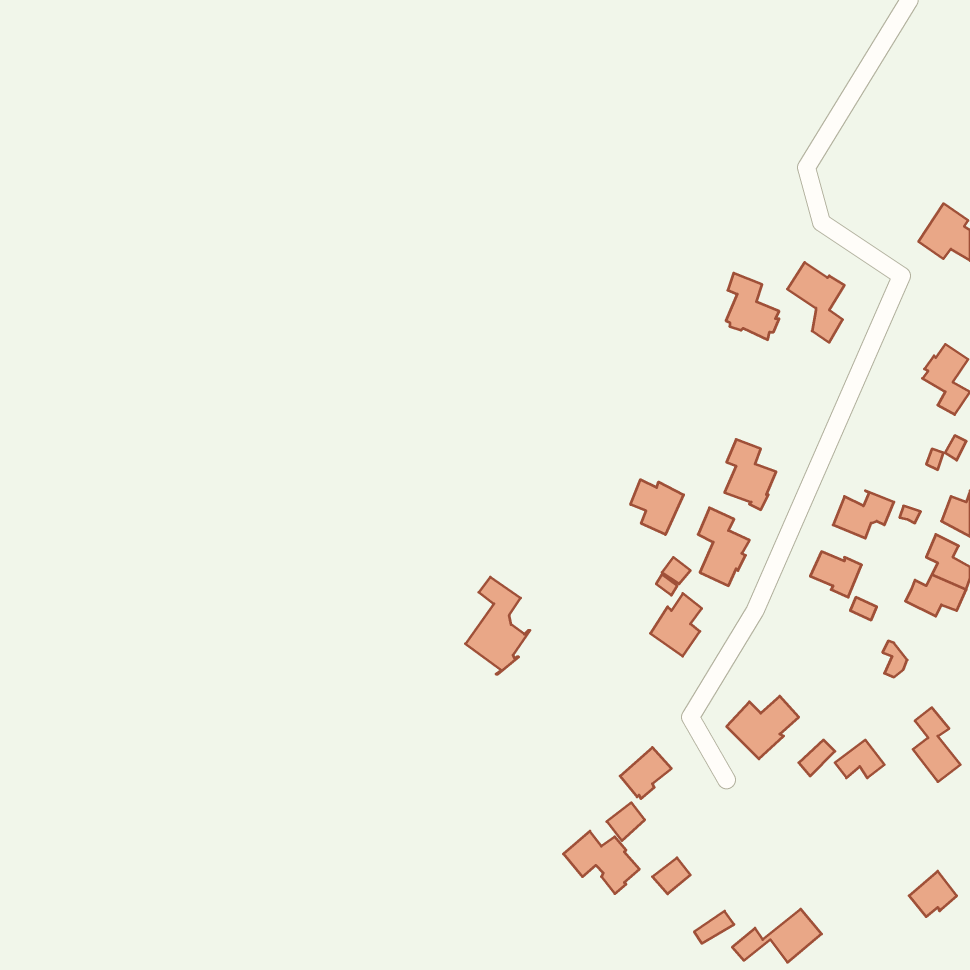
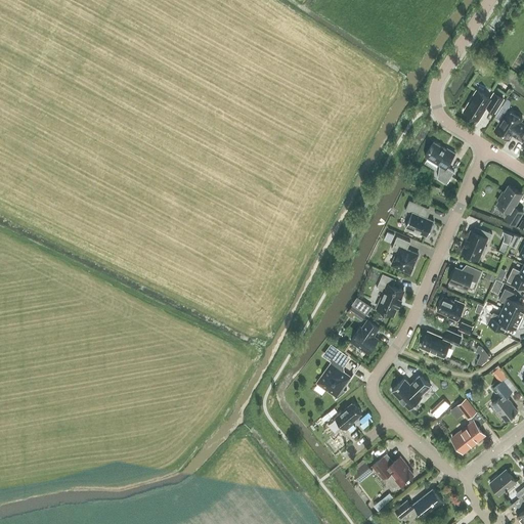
building: none -> [463,91,503,121]
building: [726,273,779,340] -> [404,202,433,237]
building: none -> [461,229,491,261]
building: [631,480,684,535] -> none
building: [465,577,530,674] -> [317,347,352,399]
building: none -> [421,331,461,357]
building: none -> [451,422,484,452]
building: [563,831,639,894] -> [372,454,412,488]

